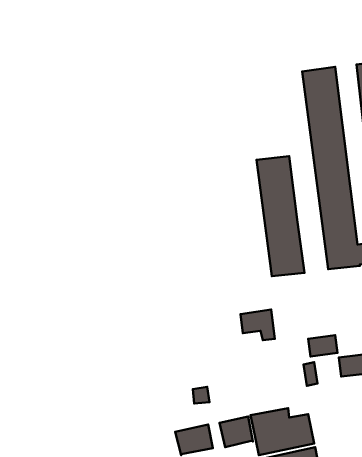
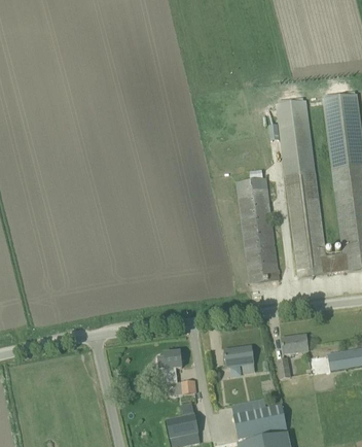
building: [241,310,275,340] -> [224,346,254,373]
building: none -> [157,351,183,383]
building: [220,417,253,447] -> none

